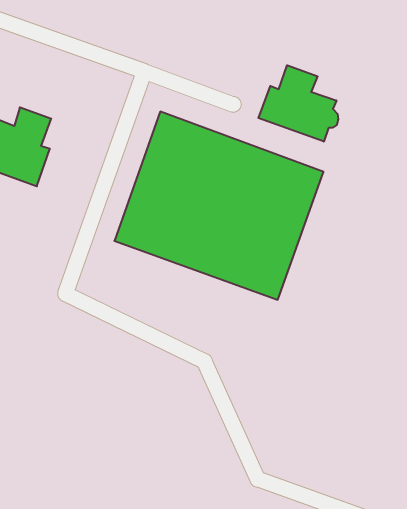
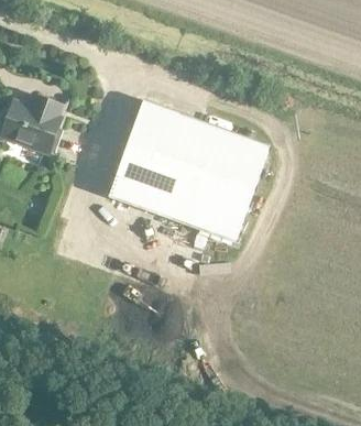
building: [258,65,338,142] -> none

